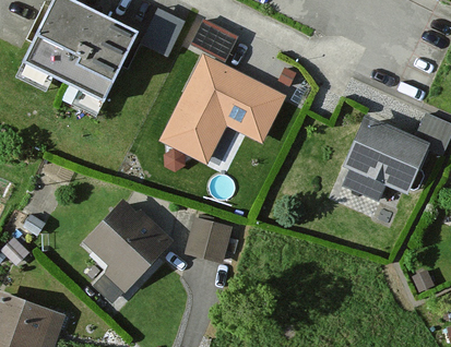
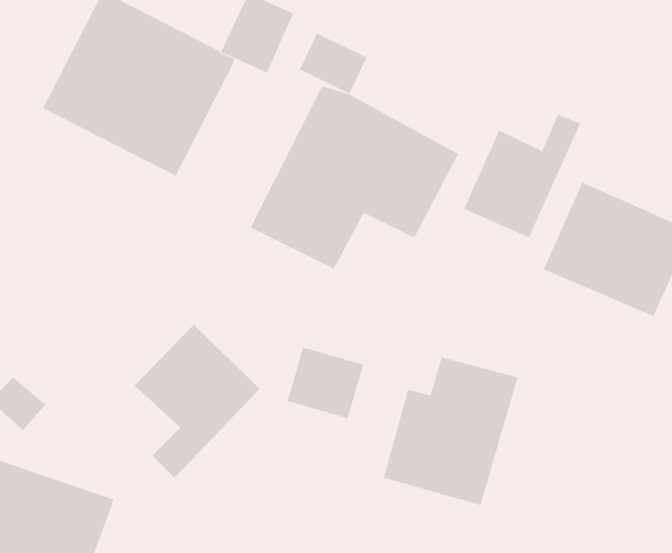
building: none -> [464,114,581,238]
building: none -> [383,356,518,506]

